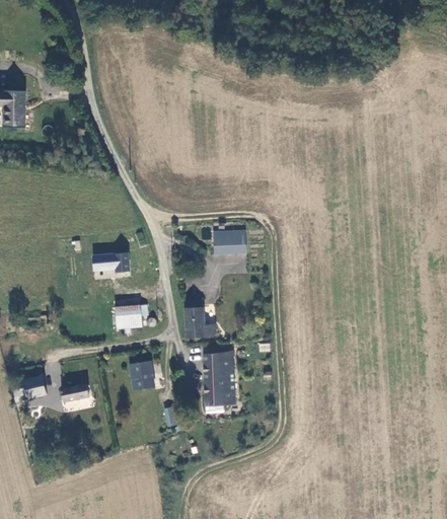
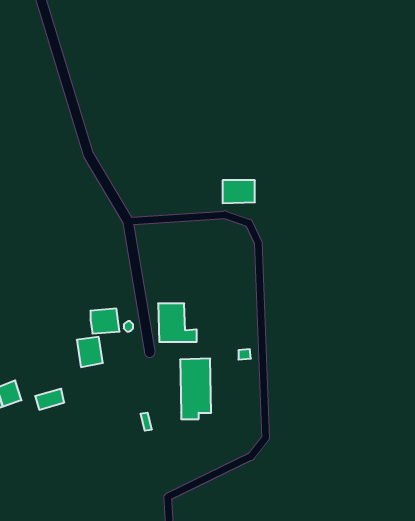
building: [215,232,246,254] -> [223,180,255,203]
building: [106,251,130,272] -> none
building: [130,360,155,389] -> [77,337,103,367]

